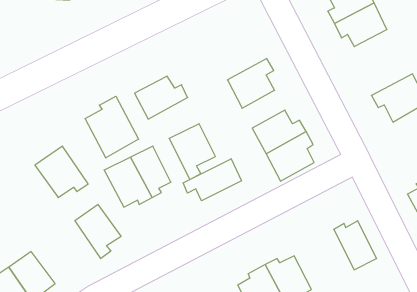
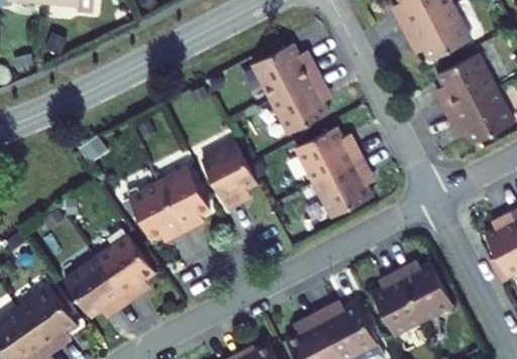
building: none -> [436,58,493,114]
building: [135,76,188,119] -> [258,45,321,96]
building: [85,96,139,158] -> none
building: [35,146,88,198] -> [63,261,125,322]
building: [183,159,241,201] -> none
building: none -> [373,271,424,335]

